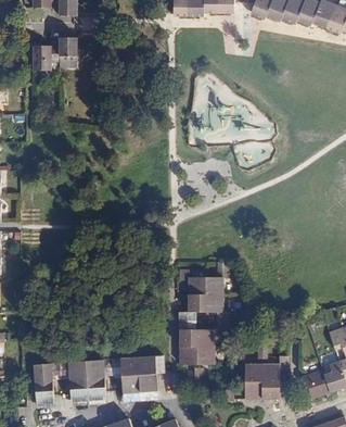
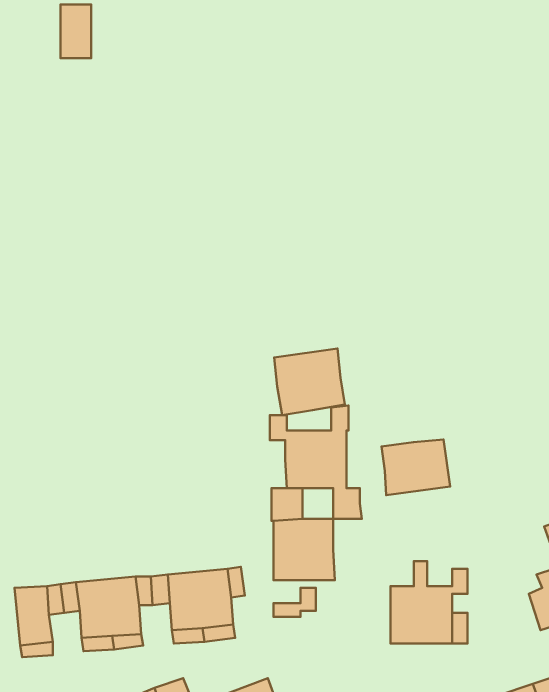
building: [31,46,59,71] -> none
building: none -> [274,349,345,415]
building: none -> [382,439,450,495]
building: [300,367,330,398] -> none

